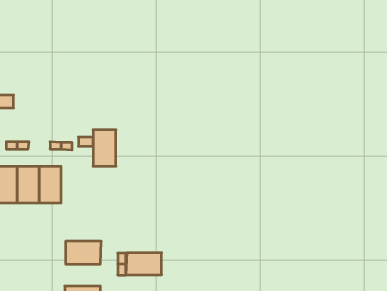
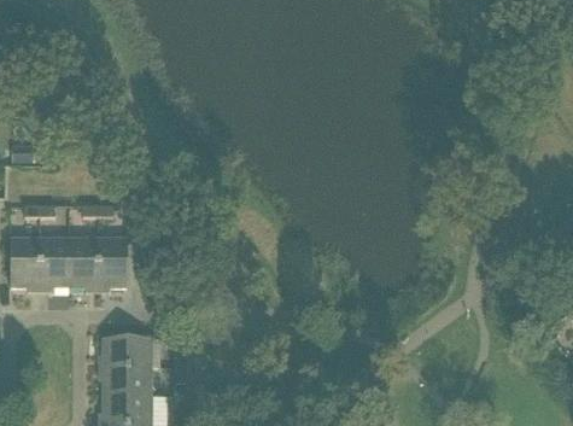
building: [93,130,116,166] -> [98,238,128,286]
building: [126,253,162,275] -> [103,367,150,396]

